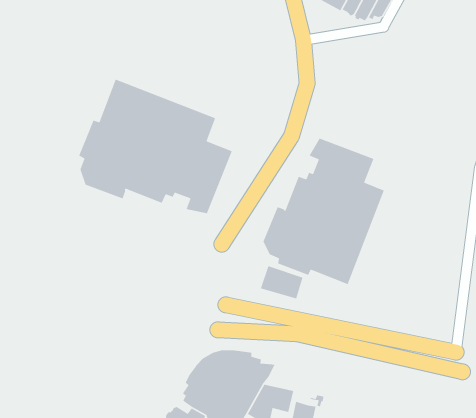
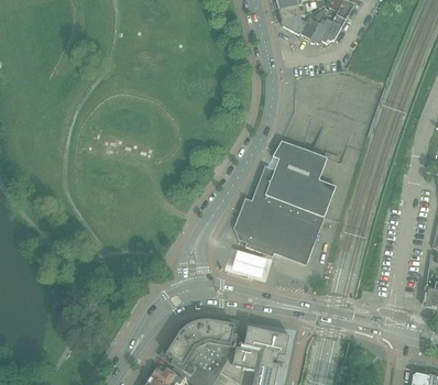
building: [78,79,233,214] -> none
building: none -> [243,327,289,354]

